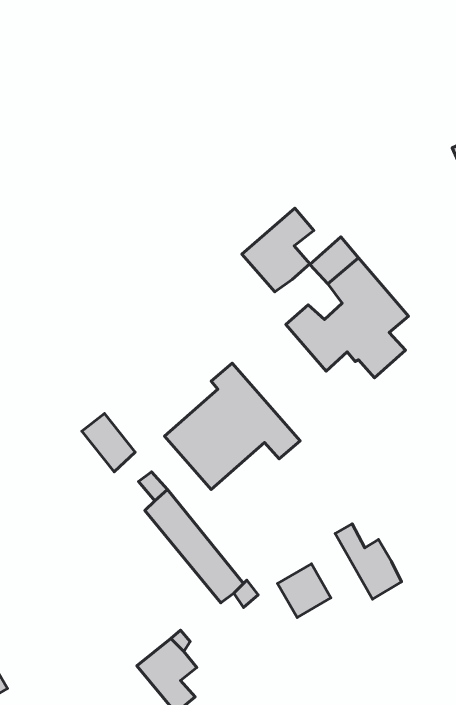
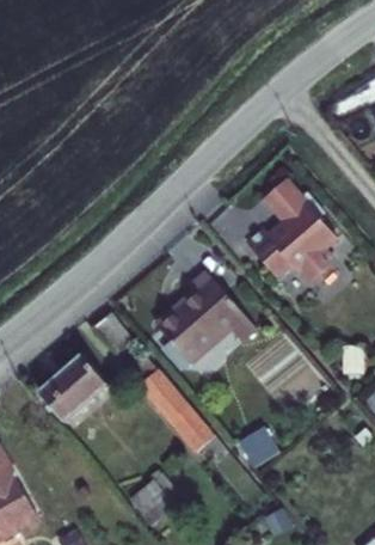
building: [242,208,314,292] -> none
building: none -> [38,353,107,421]
building: [335,524,402,599] -> none

